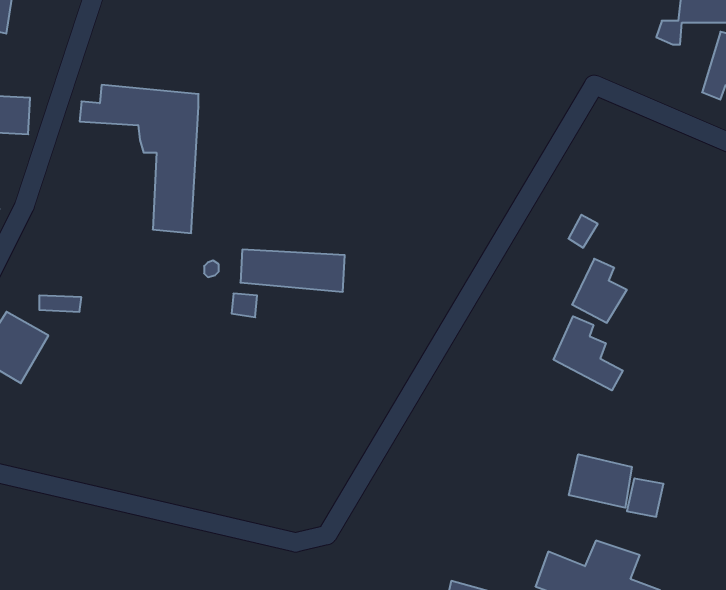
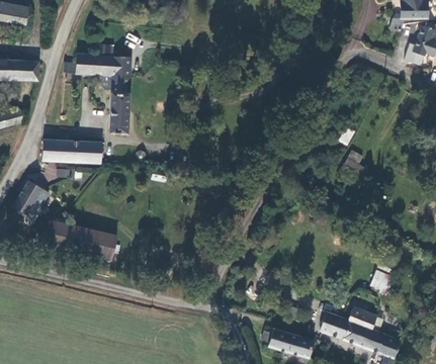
building: [240,250,345,292] -> [42,141,100,164]
building: [554,316,623,390] -> none
building: none -> [52,221,116,261]
building: [569,454,632,508] -> none

